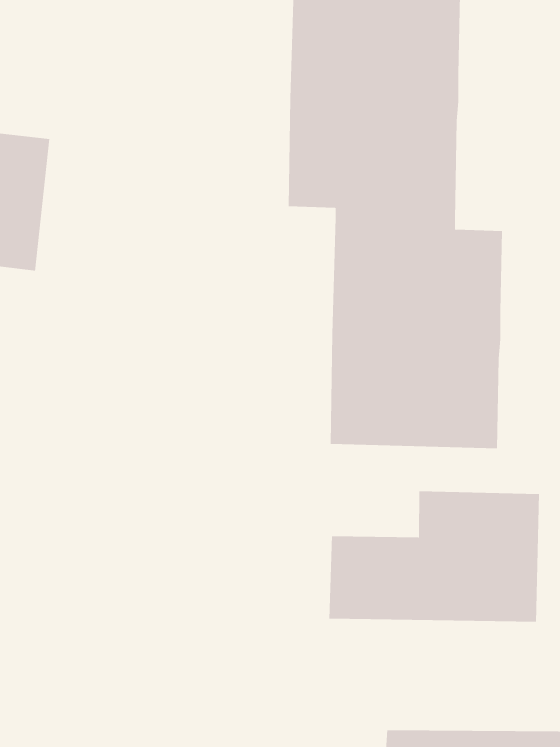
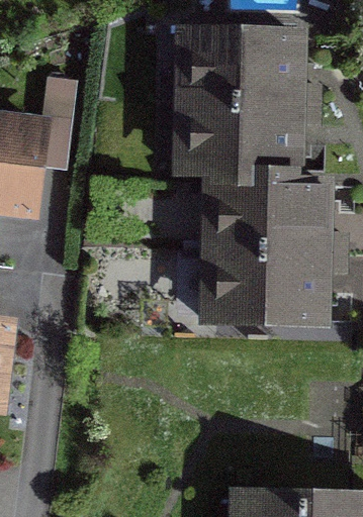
building: [329,491,540,622] -> none

